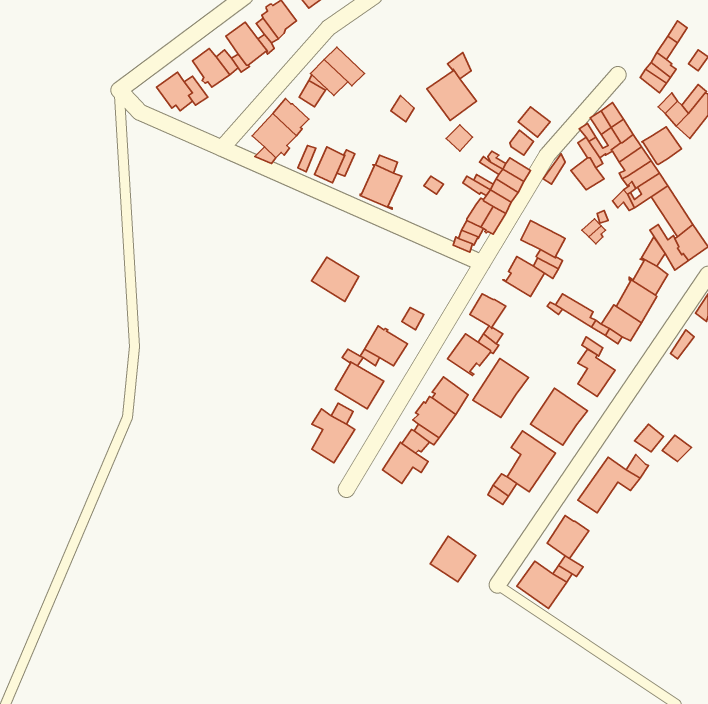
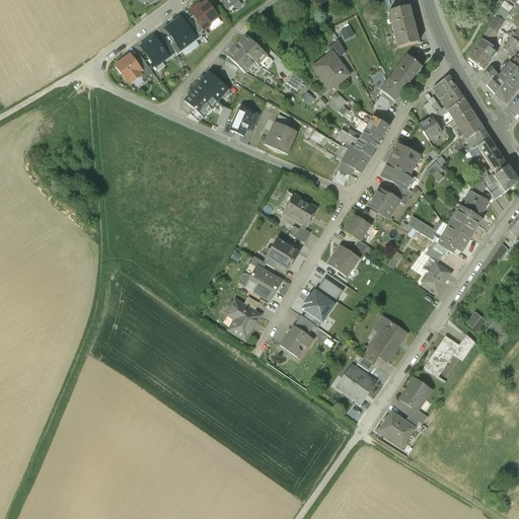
building: none -> [388,4,420,46]
building: none -> [388,54,421,89]
building: [642,127,681,165] -> none
building: none -> [388,144,419,172]
building: [312,257,359,301] -> [282,193,316,225]
building: [473,359,528,418] -> none
building: [531,388,587,445] -> none
building: [430,536,476,582] -> [340,366,373,399]

